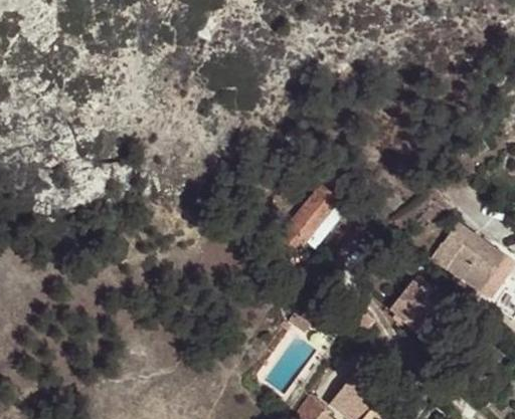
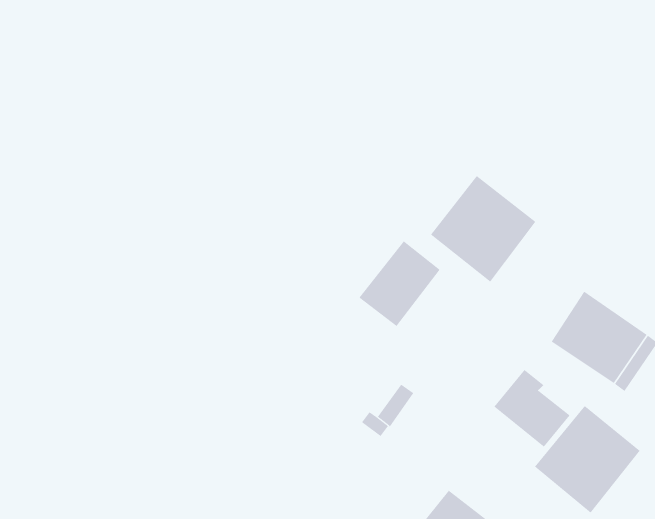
building: none -> [430,175,536,283]
building: none -> [534,405,641,514]

